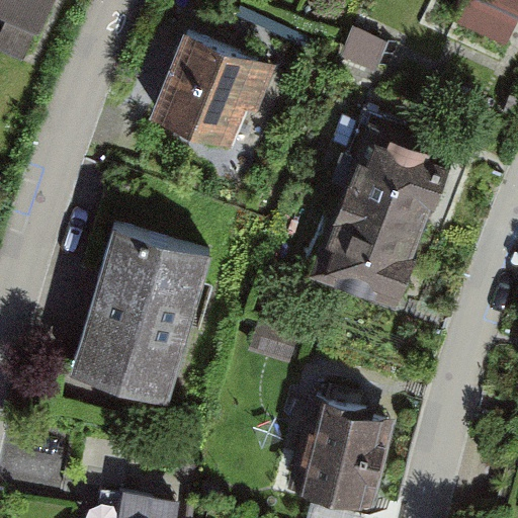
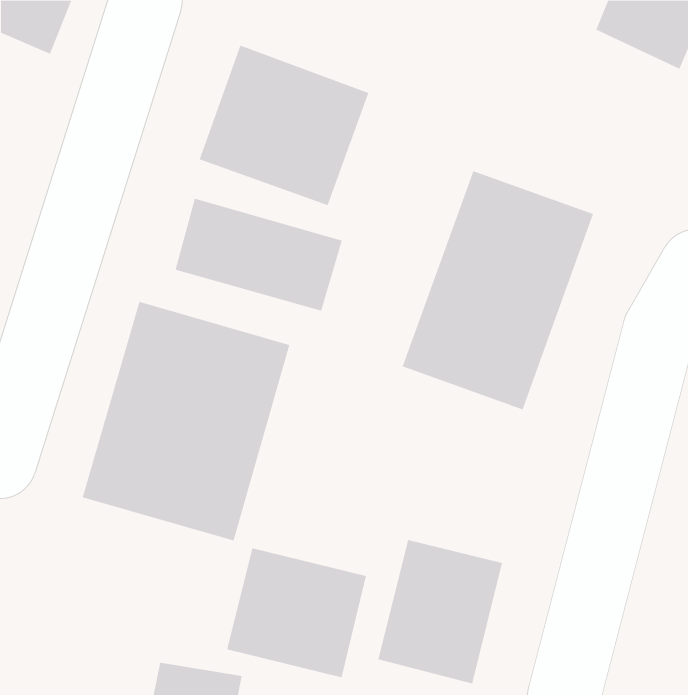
building: none -> [175,198,342,312]
building: none -> [227,548,366,678]

